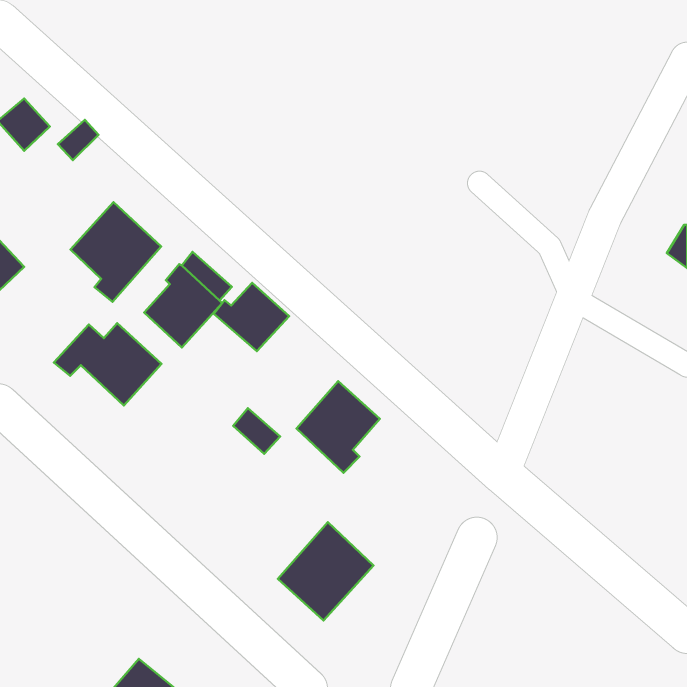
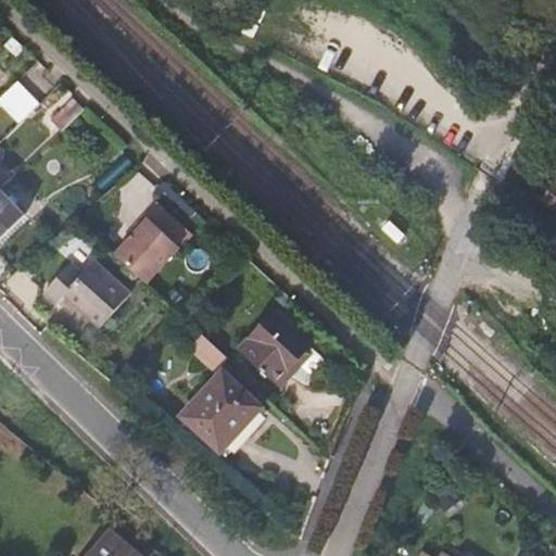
building: [71,202,161,302] -> none
building: [214,283,289,351] -> none
building: [278,522,373,621] -> [182,368,260,447]

